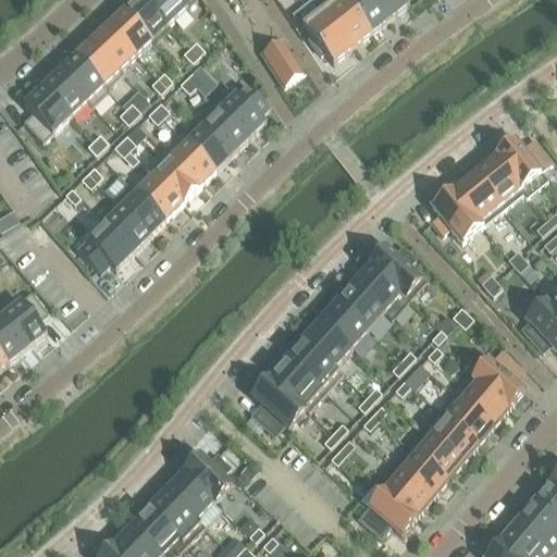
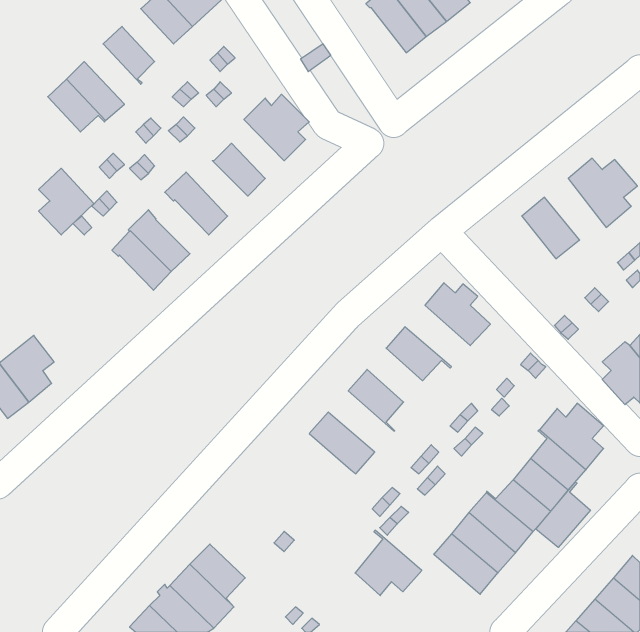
building: [300,7,351,62] -> none
building: [106,8,150,53] -> none
building: [73,38,122,90] -> none
building: [267,48,302,85] -> none
building: [22,84,70,141] -> [39,168,94,235]
building: [195,103,246,154] -> none
building: [161,132,214,187] -> none
building: [471,154,521,208] -> none
building: [135,173,181,220] -> none
building: [430,187,481,242] -> none
building: [75,221,133,272] -> none
building: [350,264,407,318] -> none
building: [318,301,366,348] -> none
building: [284,338,341,392] -> none
building: [250,375,304,434] -> none
building: none -> [536,482,590,547]
building: [182,453,230,500] -> none
building: [358,480,416,536] -> [355,530,422,596]

